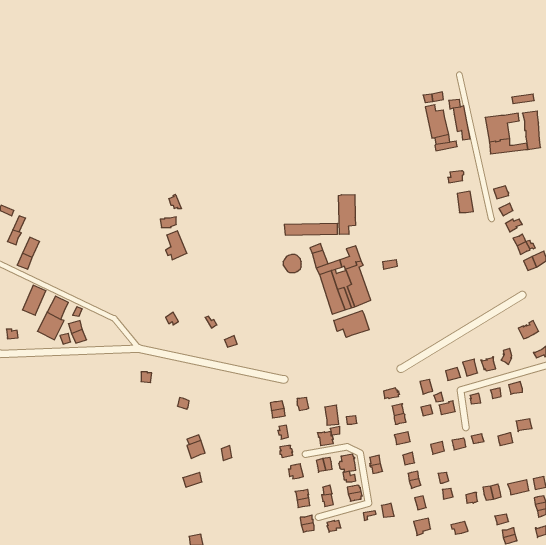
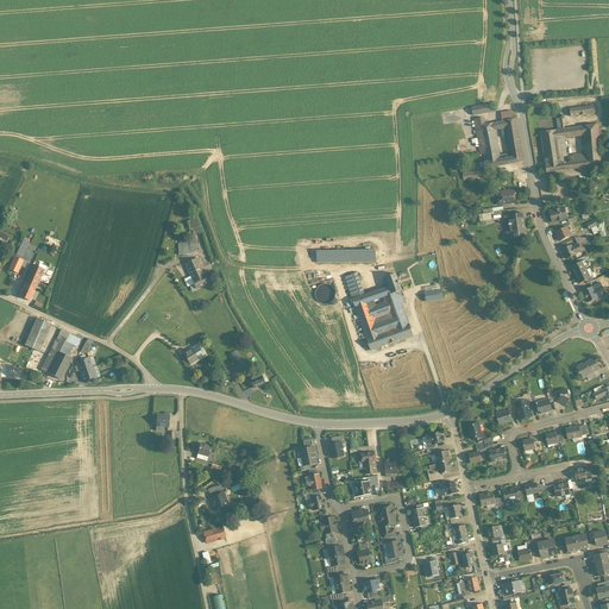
building: [338,195,355,234] -> none
building: [334,311,369,337] -> none

